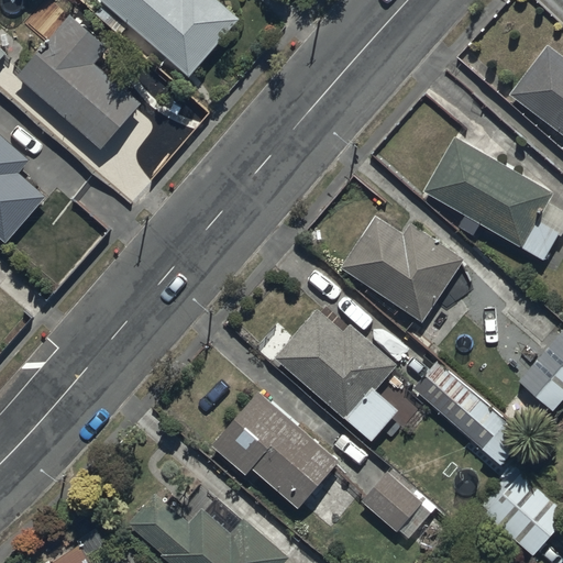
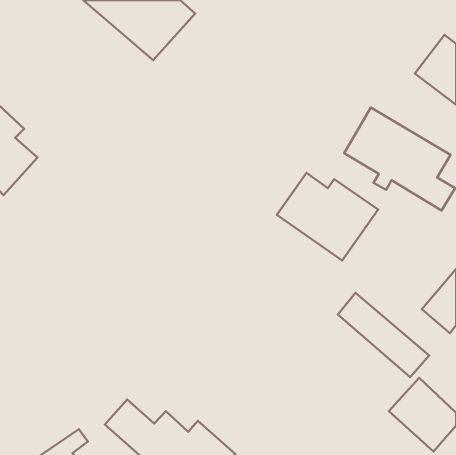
building: [19,15,139,148] -> none
building: [273,308,400,457] -> none
building: [211,394,338,509] -> none
building: [364,473,437,540] -> none

